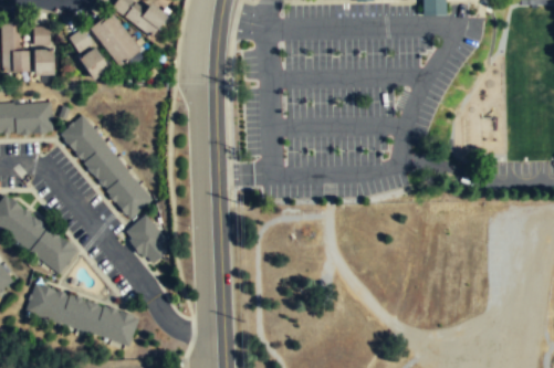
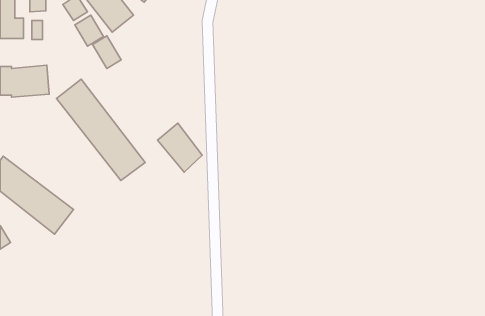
building: none -> [92,36,121,68]
building: [126,213,173,264] -> [157,123,202,172]
building: [25,285,139,345] -> none

